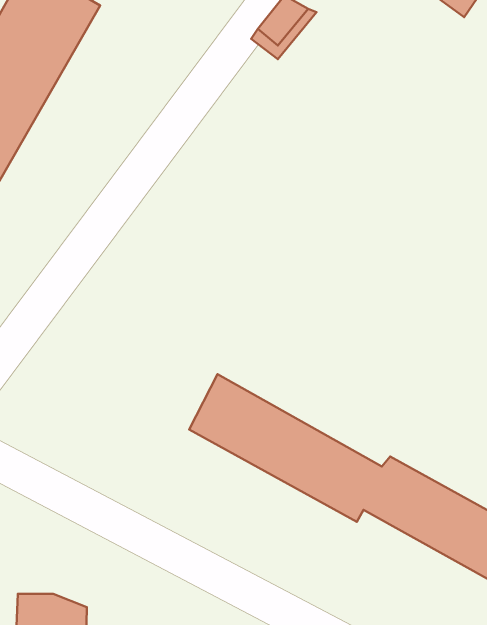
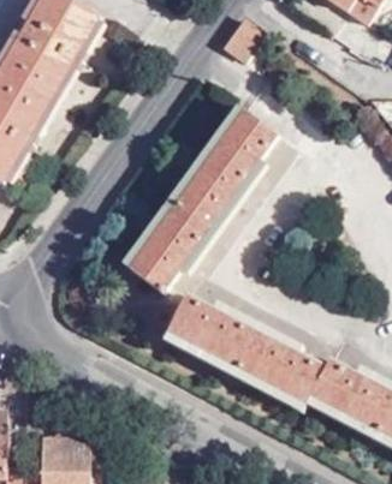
building: none -> [127,102,267,280]

